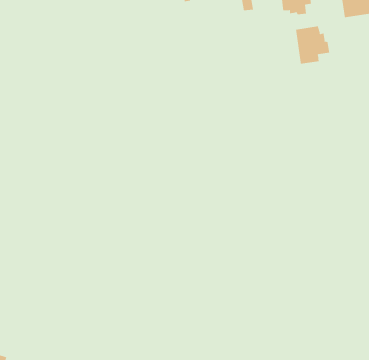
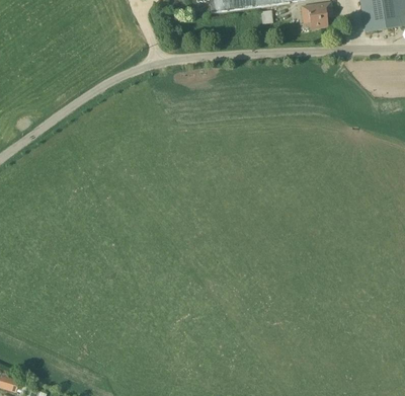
building: [296,26,330,64] -> none

